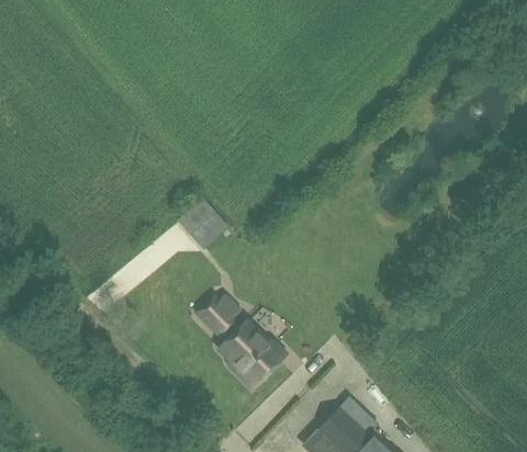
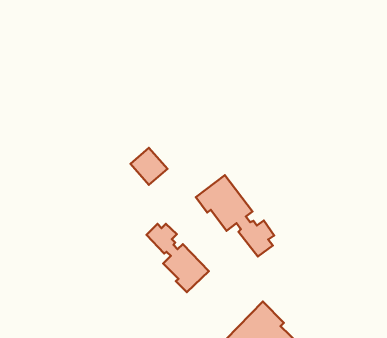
building: none -> [196,175,274,256]

